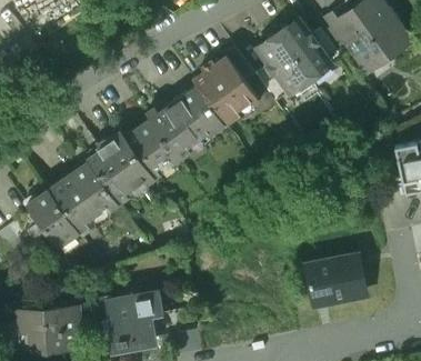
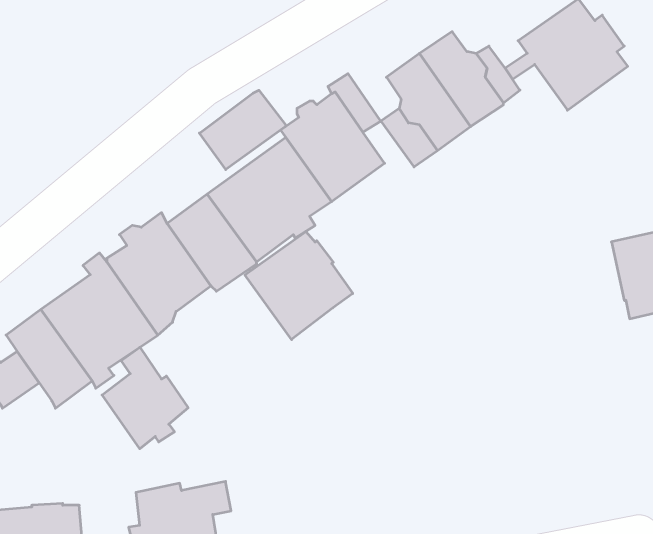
building: none -> [199,90,286,170]
building: none -> [245,231,353,340]
building: none -> [102,347,188,449]
building: [308,253,361,302] -> none

